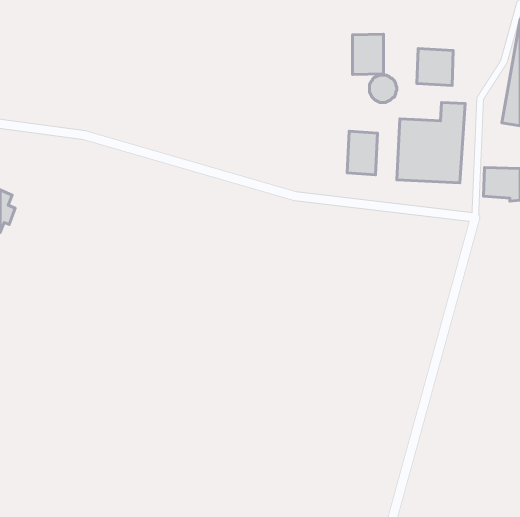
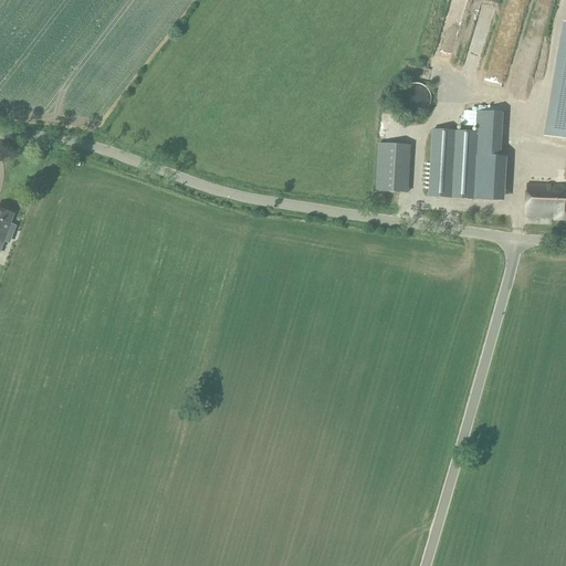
building: [353,34,383,75] -> none
building: [417,49,453,85] -> none

